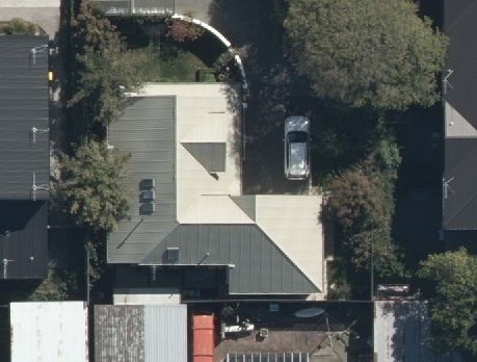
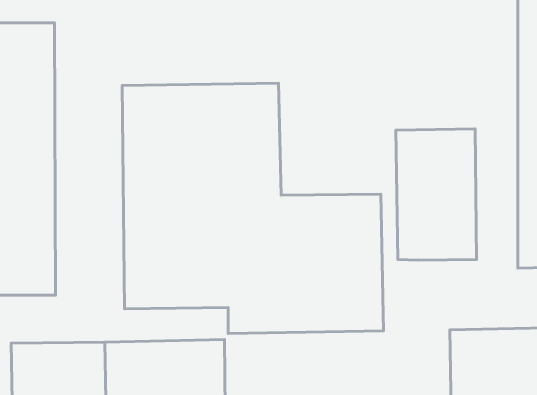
building: none -> [396,129,477,260]

